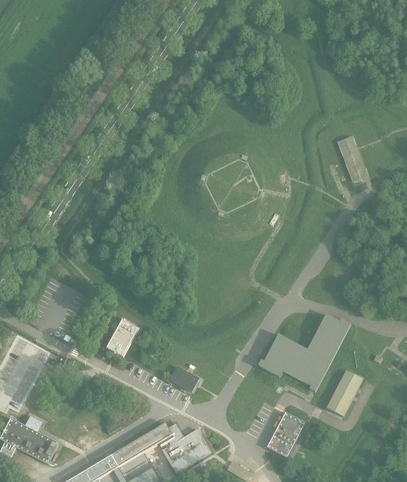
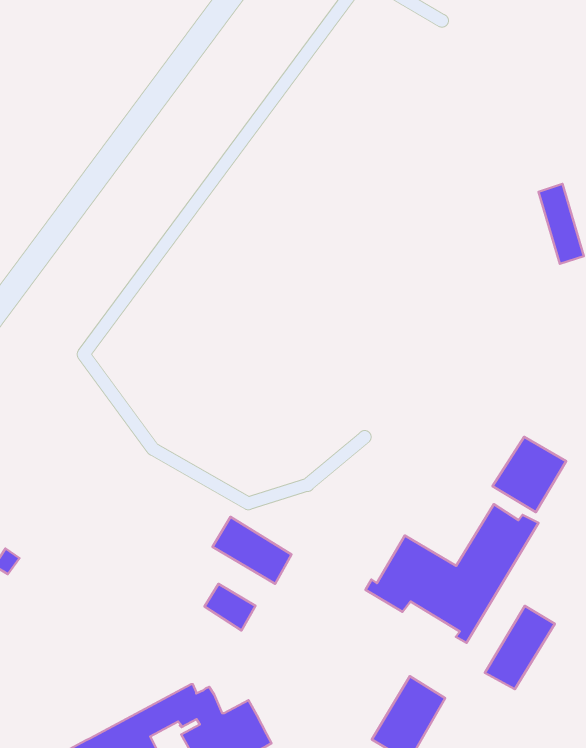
building: none -> [493,437,566,512]
building: [105,318,138,356] -> none
building: none -> [213,517,292,584]

